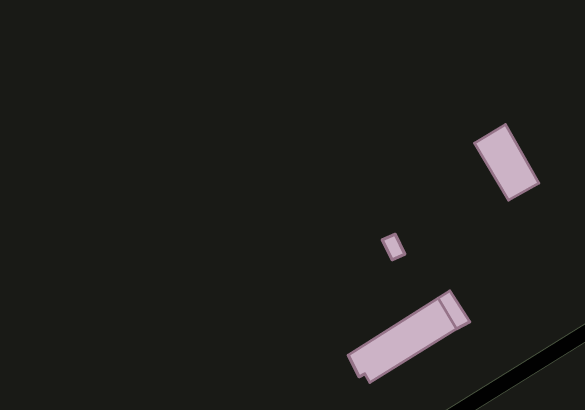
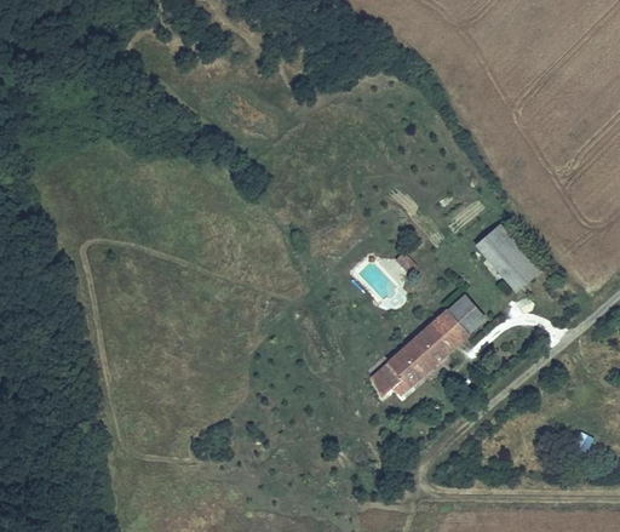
building: [475,125,539,200] -> [475,224,540,293]

